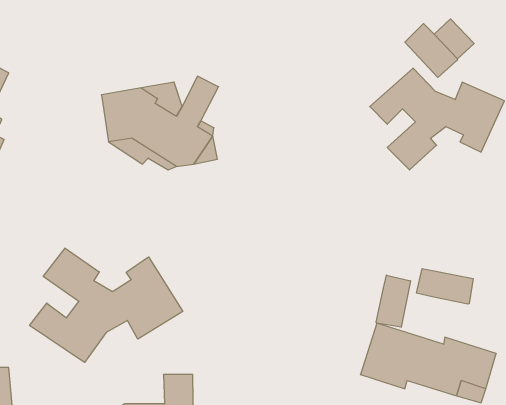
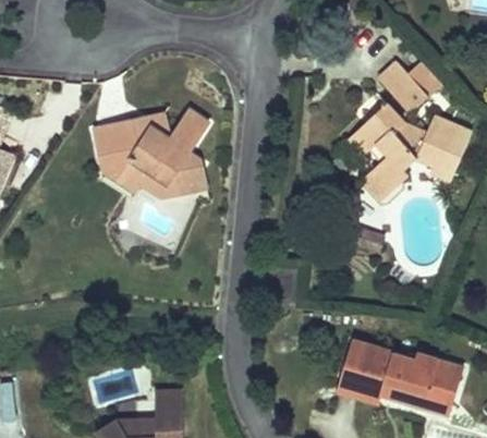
building: [30,248,183,362] -> none
building: [416,269,473,304] -> none
building: [376,275,410,327] -> none

